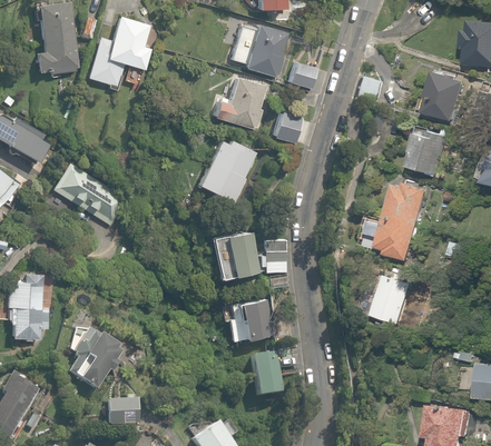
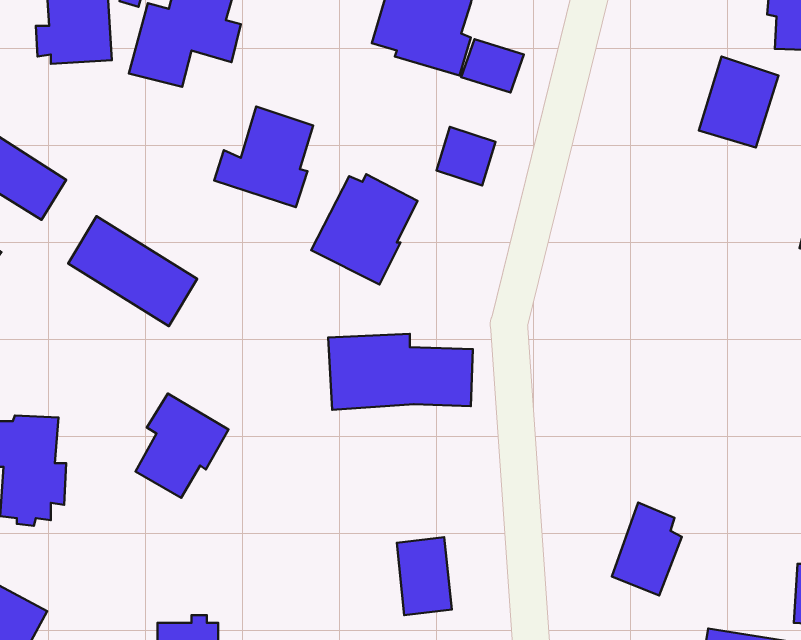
building: [209,72,267,131] -> [214,106,313,207]
building: [406,127,452,177] -> none
building: [373,176,429,257] -> none
building: [371,271,412,326] -> [612,502,682,596]
building: [224,296,266,339] -> none
building: [67,329,121,390] -> [136,393,229,498]

